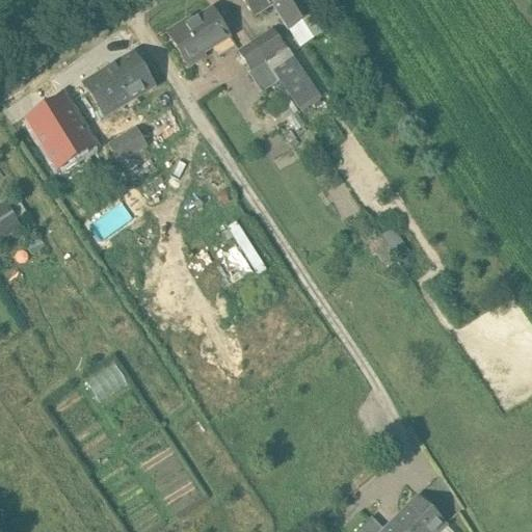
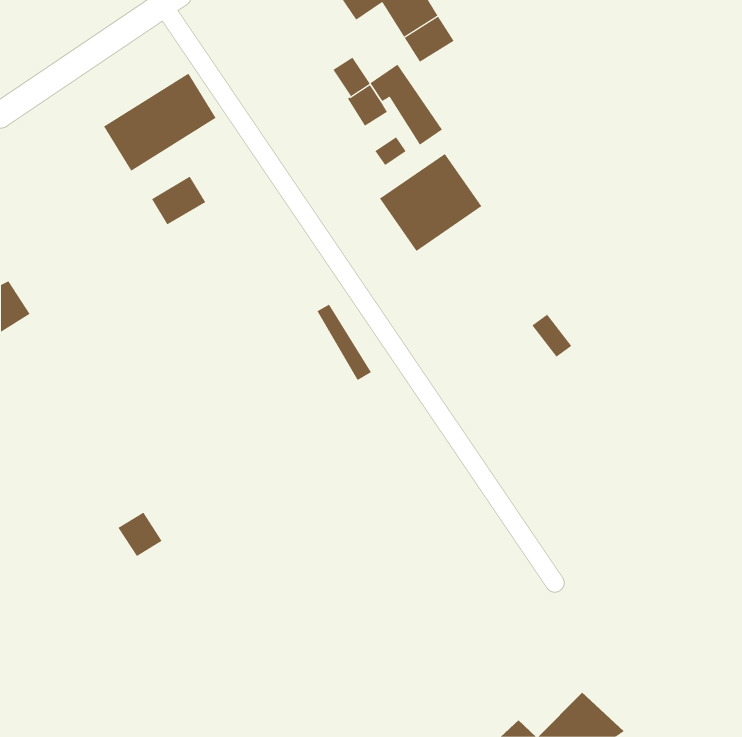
building: [167,7,227,65] -> none
building: [252,27,285,59] -> none
building: [26,95,91,166] -> none
building: none -> [379,153,482,252]

